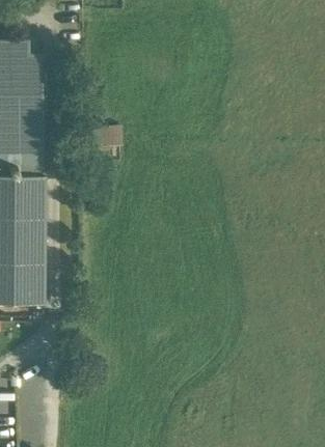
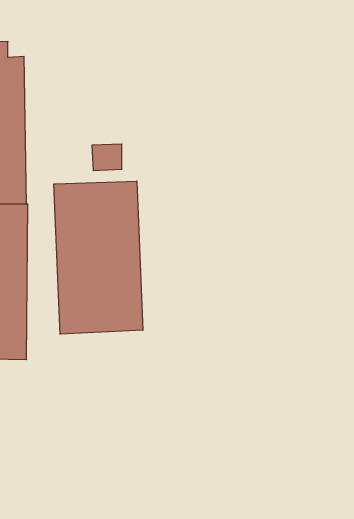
building: none -> [54,181,143,334]

